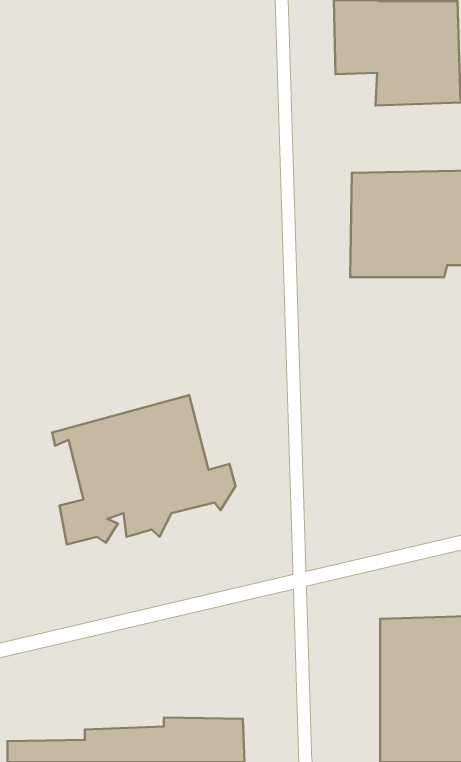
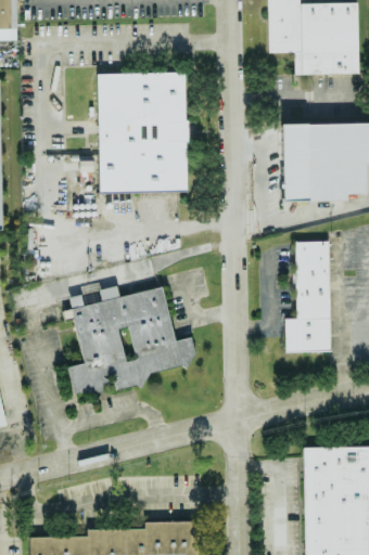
building: none -> [97,75,189,195]
building: none -> [283,242,329,352]

